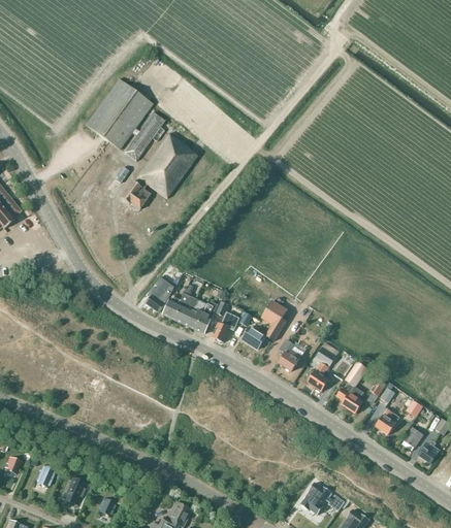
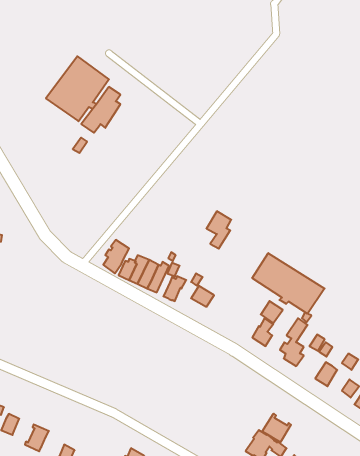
building: [121,132,197,208] -> none
building: none -> [252,253,325,314]
building: [261,300,288,340] -> [206,211,231,249]
building: [279,338,307,370] -> none
building: none -> [262,414,291,442]

